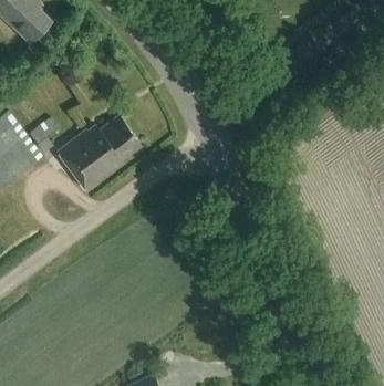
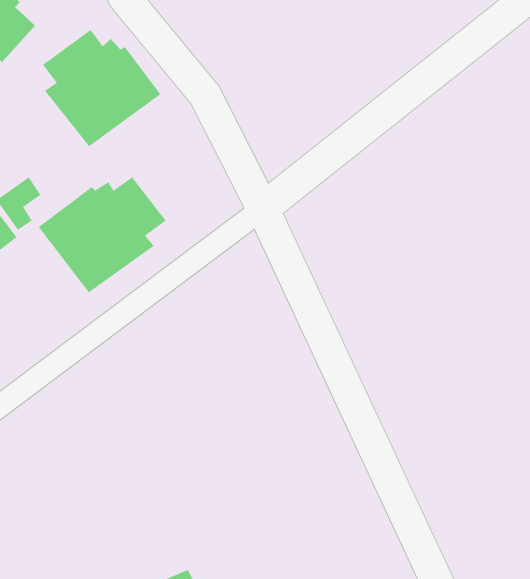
building: none -> [42,29,161,147]

